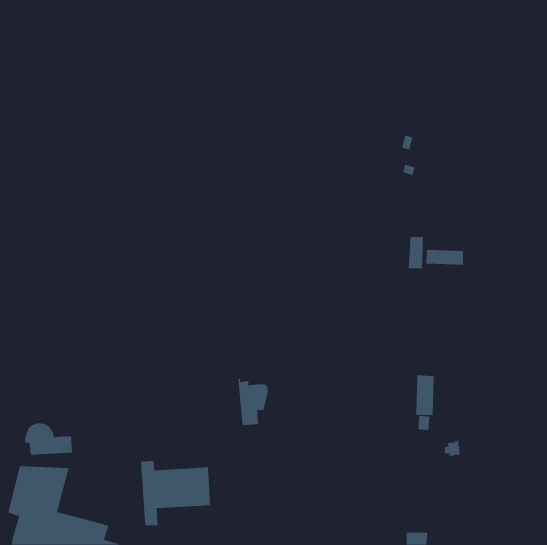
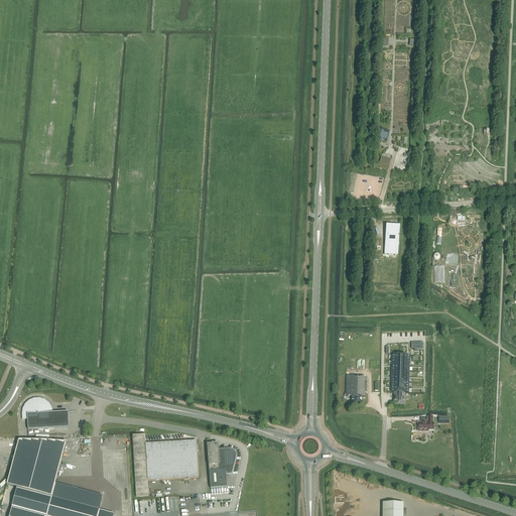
building: [426,249,463,265] -> none
building: [238,378,269,426] -> [207,442,236,487]
building: none -> [345,373,367,402]

